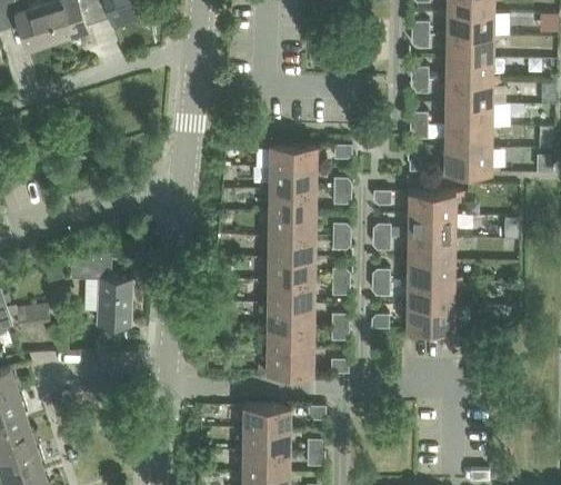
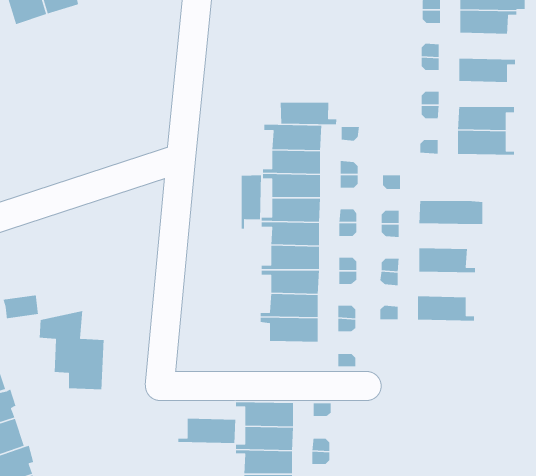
building: [445,57,500,81] -> none
building: [445,102,500,126] -> none
building: none -> [280,102,337,125]
building: none -> [241,175,262,230]
building: [409,191,463,215] -> none
building: [408,237,463,260] -> none
building: [70,250,132,326] -> [39,310,104,390]
building: [407,283,462,306] -> none
building: [258,348,313,373] -> [178,418,236,444]

